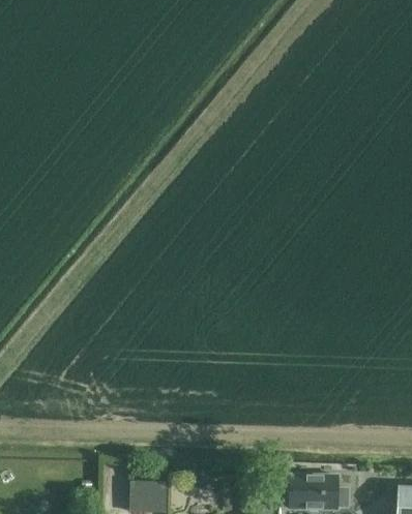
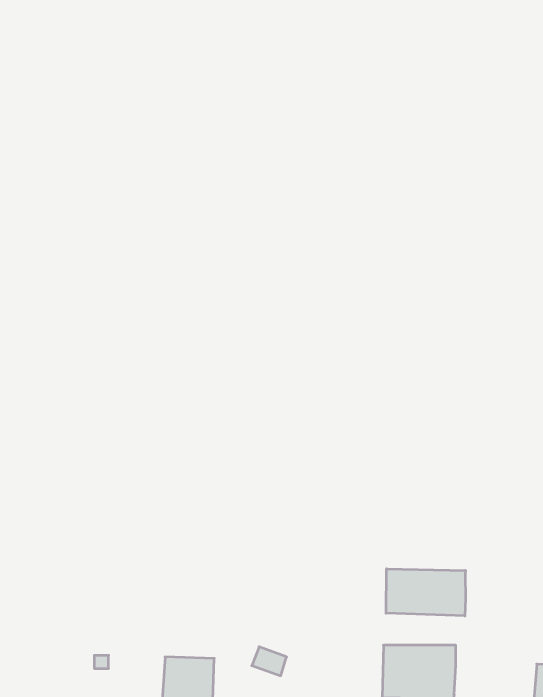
building: none -> [386,569,466,616]

